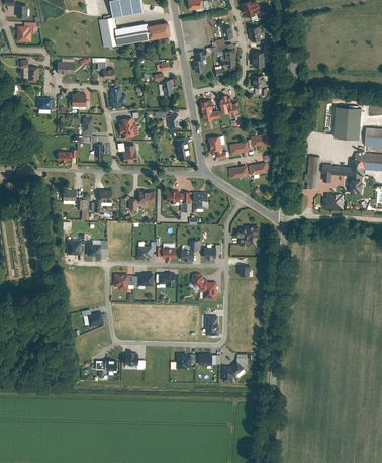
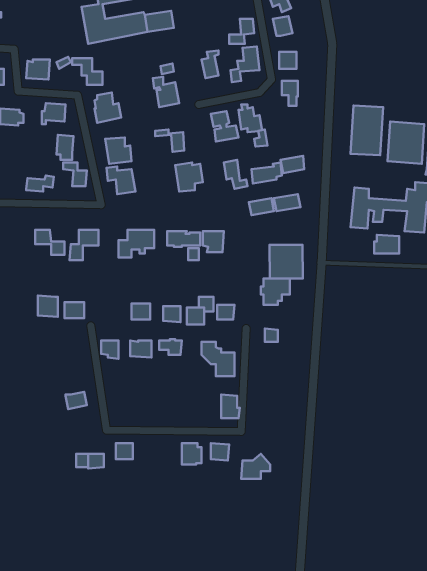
building: none -> [350,106,383,155]
building: none -> [269,245,303,279]

